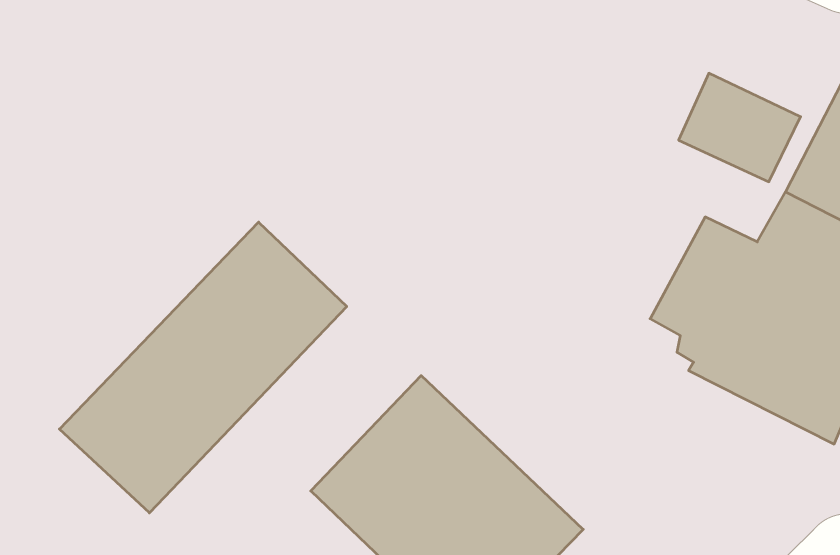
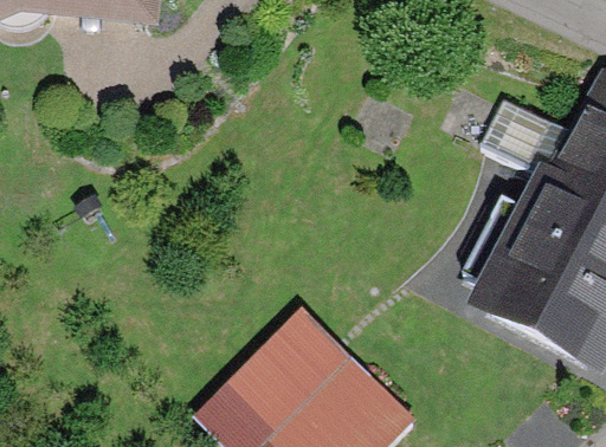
building: [59,222,347,513] -> none

